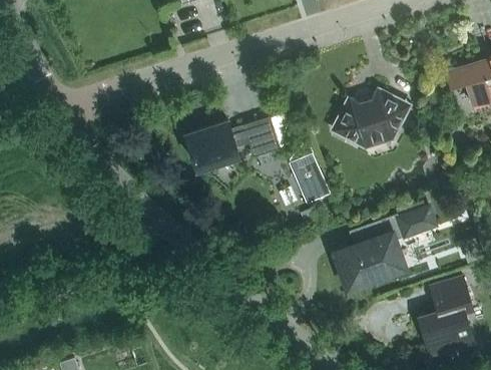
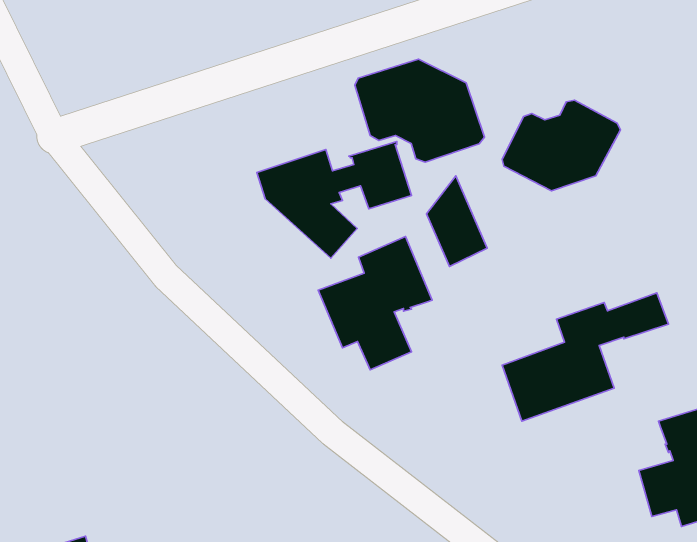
building: none -> [355,59,484,162]
building: none -> [318,237,432,370]

